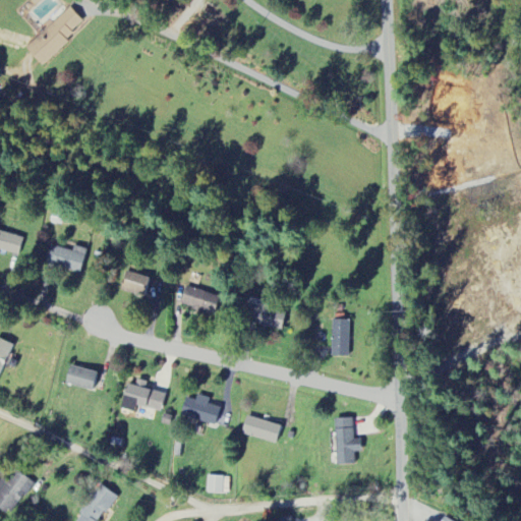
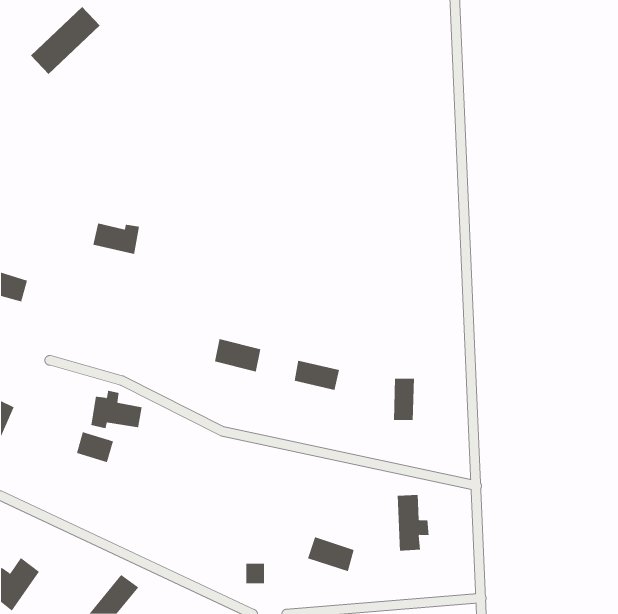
building: [46,244,85,271] -> [93,223,140,254]
building: [120,270,149,294] -> none
building: [121,378,165,410] -> [90,390,142,429]
building: [181,393,220,422] -> none
building: [241,413,281,443] -> [307,537,354,572]

